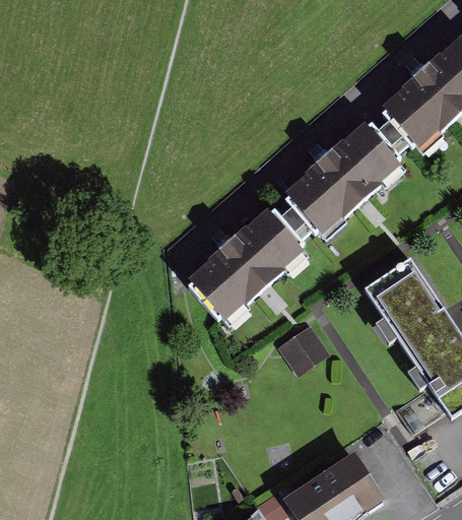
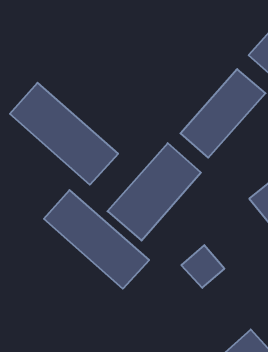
building: none -> [10,83,118,185]
building: none -> [44,190,149,289]

